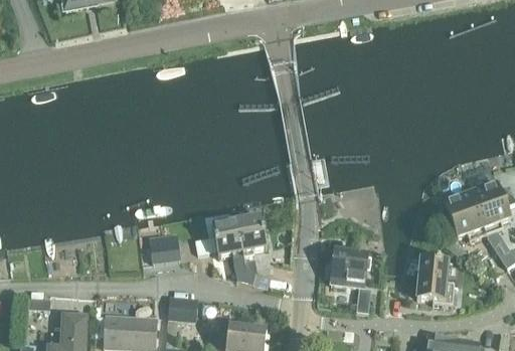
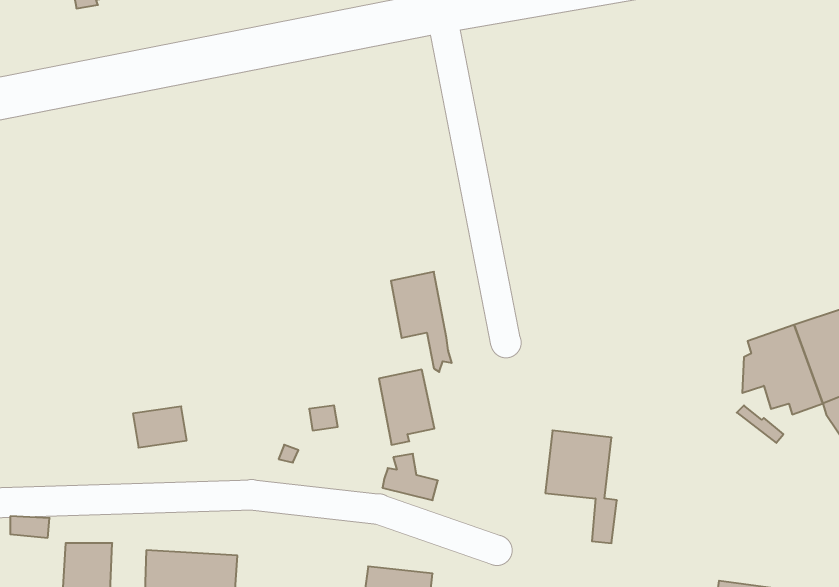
building: [212,219,246,276] -> [391,272,452,372]
building: [150,239,180,262] -> [133,406,187,448]
building: [416,256,454,305] -> none
building: [168,296,197,321] -> none

